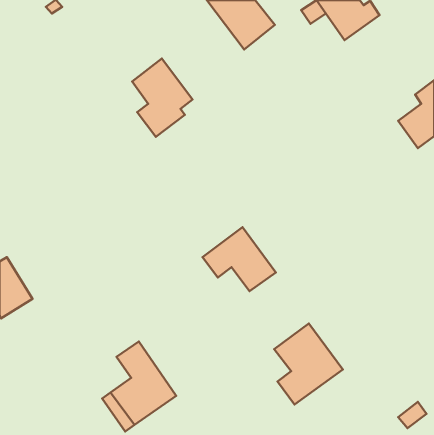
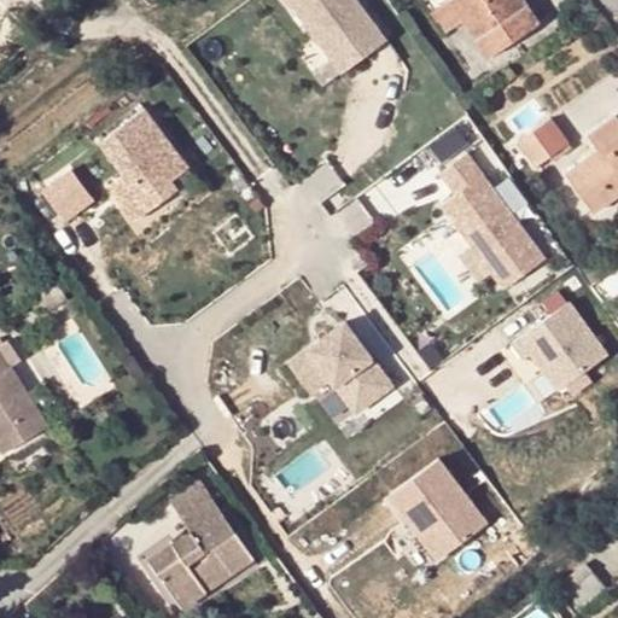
building: [132,59,193,137] -> [94,115,180,226]
building: none -> [518,121,565,167]
building: none -> [443,150,544,288]
building: none -> [42,167,98,223]
building: none -> [514,303,610,391]

